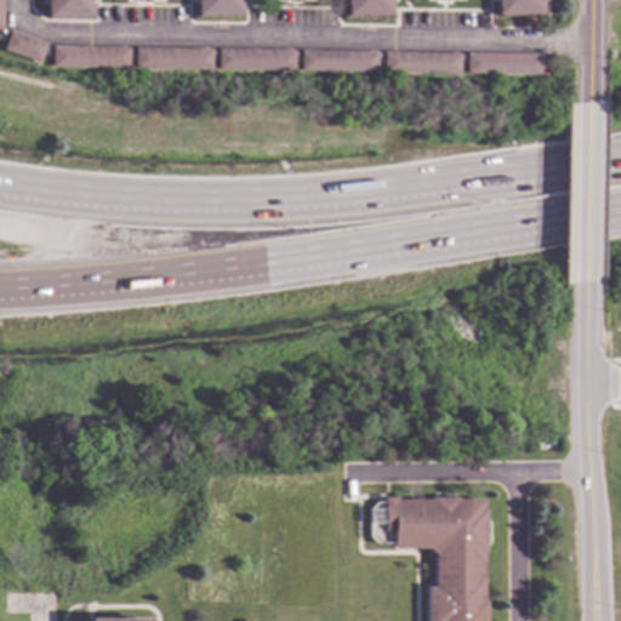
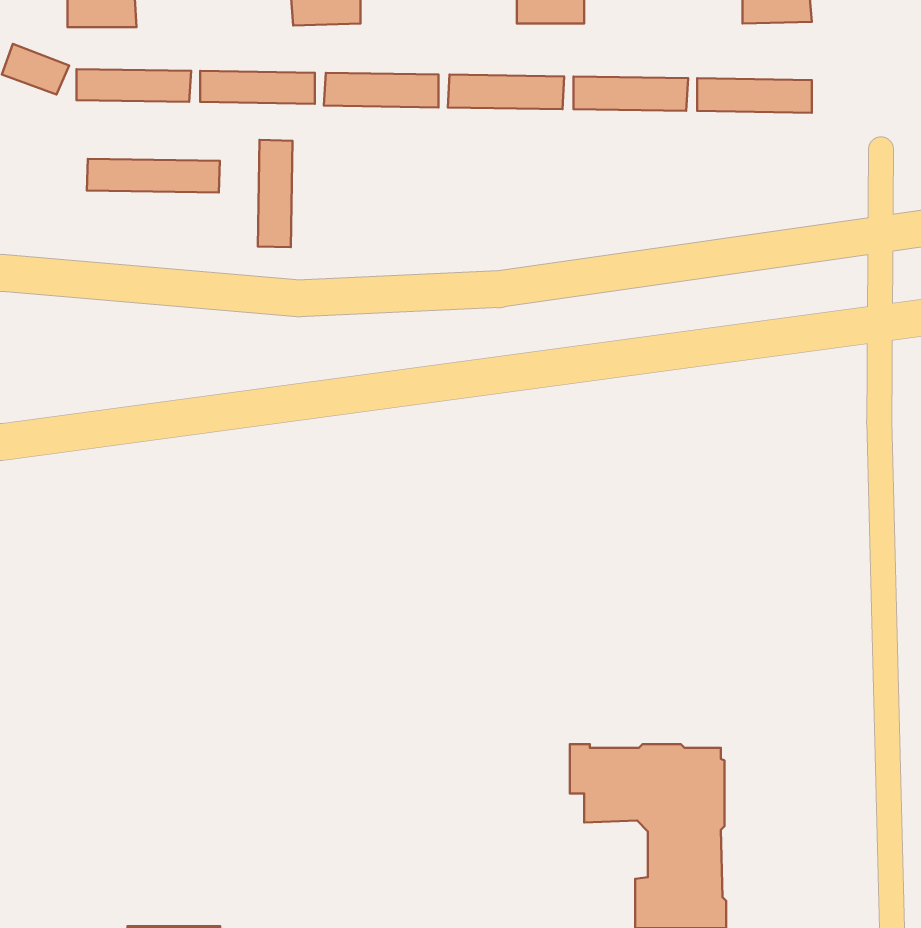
building: none -> [258,140,292,247]
building: none -> [87,159,220,193]

